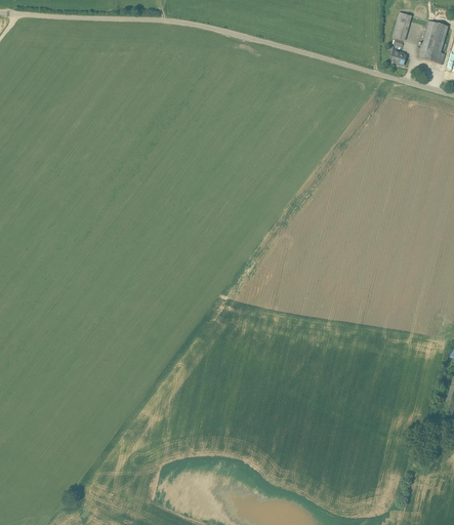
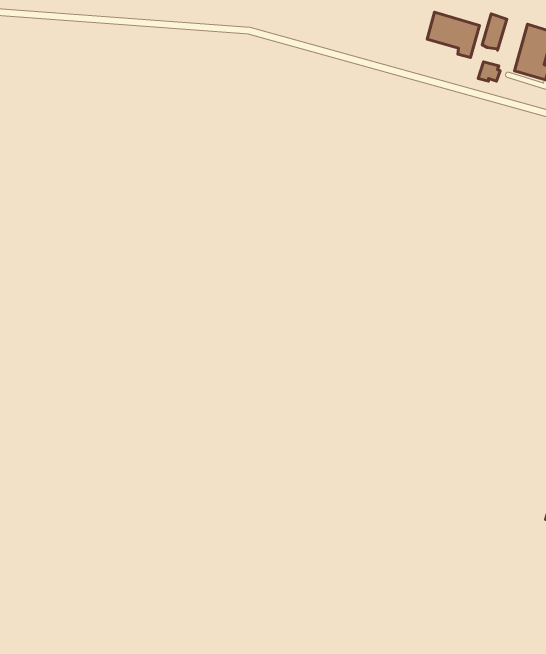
building: none -> [427,12,479,58]

